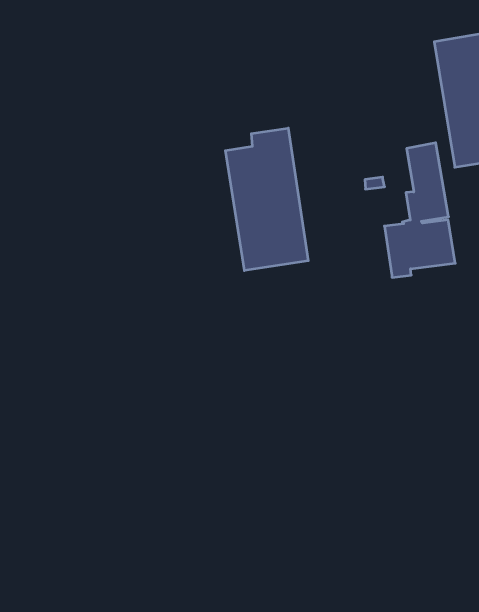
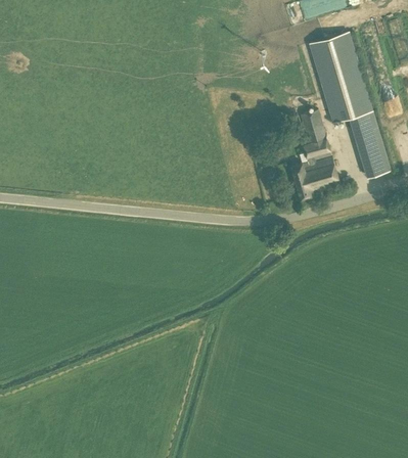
building: [225,128,308,271] -> none

